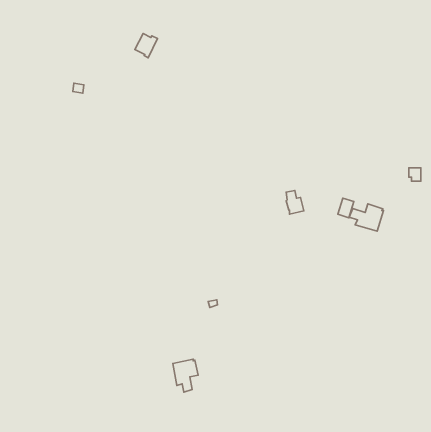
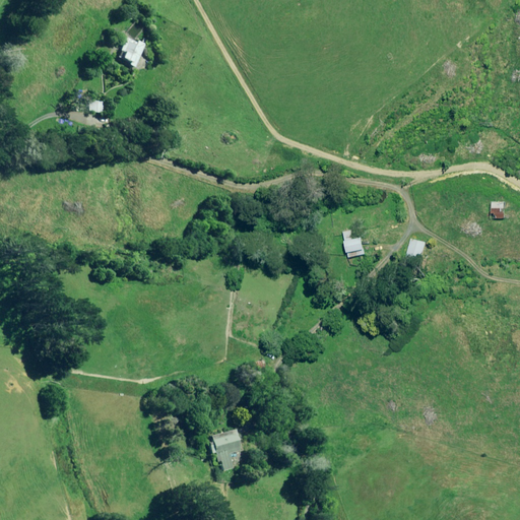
building: [135,33,158,58] -> [117,37,144,66]
building: [349,204,384,231] -> none

